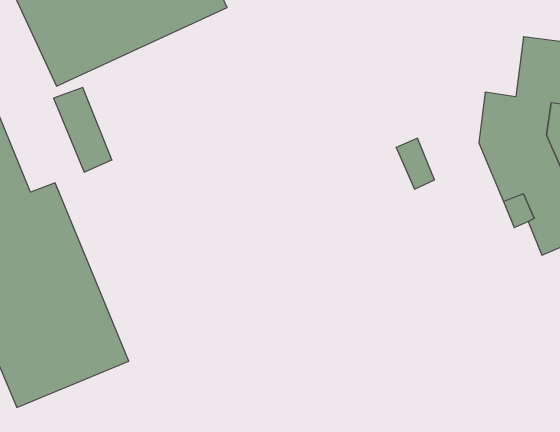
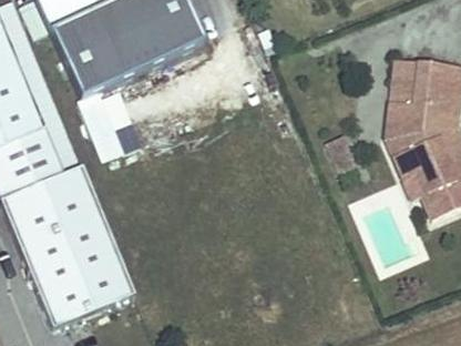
building: none -> [392,57,420,102]

